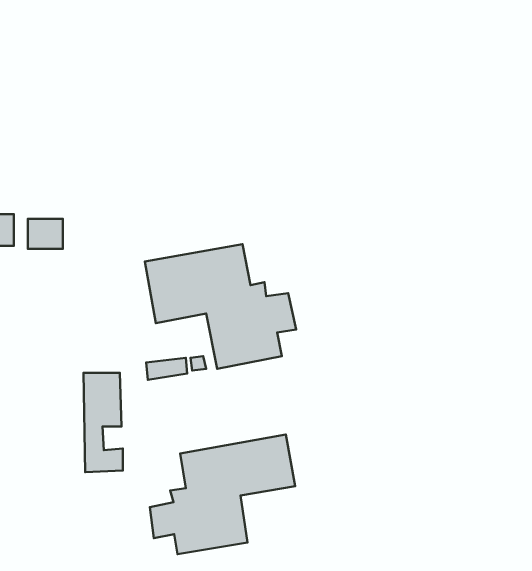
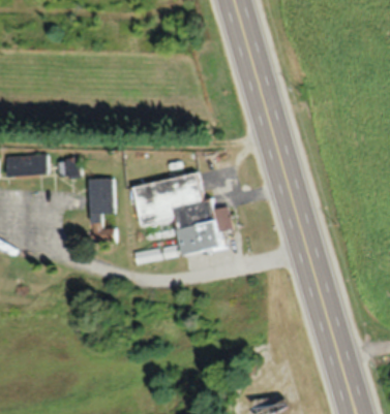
building: [83,373,123,472] -> [89,178,115,243]
building: [150,434,295,554] -> none

